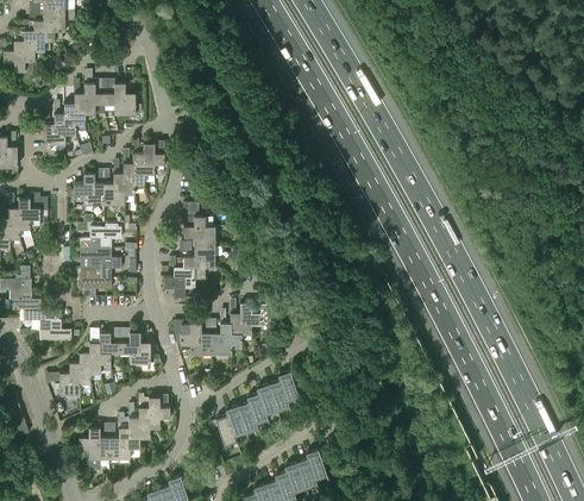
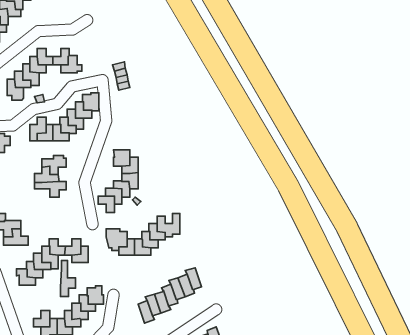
building: [80,268,112,295] -> none
building: none -> [60,260,75,296]

